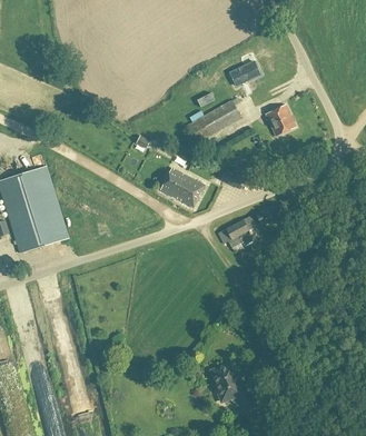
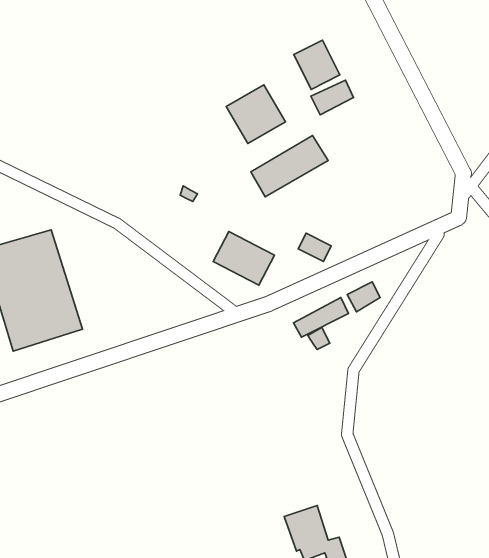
building: none -> [294,40,340,89]
building: none -> [226,85,285,144]
building: [265,105,296,137] -> none

